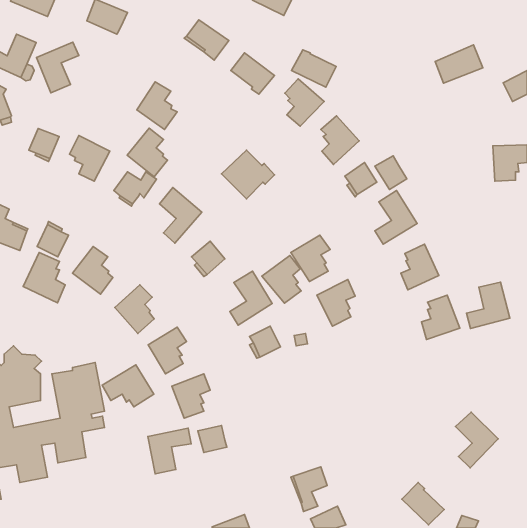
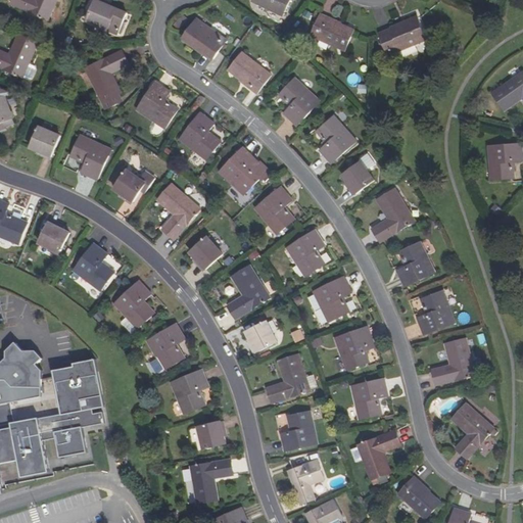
building: [36,42,79,93] -> [86,48,128,98]
building: [435,45,483,83] -> [377,17,424,55]
building: [292,50,336,87] -> [307,12,351,49]
building: [127,128,168,177] -> [179,112,219,160]
building: [375,156,407,190] -> none
building: [23,253,65,303] -> none
building: [262,256,301,303] -> [253,187,292,234]
building: [466,282,510,329] -> [430,339,473,385]
building: none -> [335,327,372,369]
building: none -> [267,354,315,403]
building: [102,365,154,407] -> none
building: none -> [350,378,387,419]
building: none -> [280,412,317,451]
building: [148,428,191,474] -> [189,459,232,504]
building: none -> [356,431,398,480]

